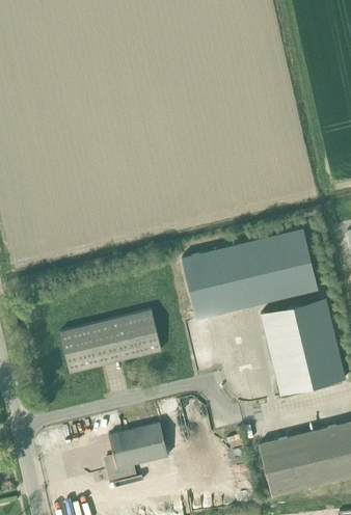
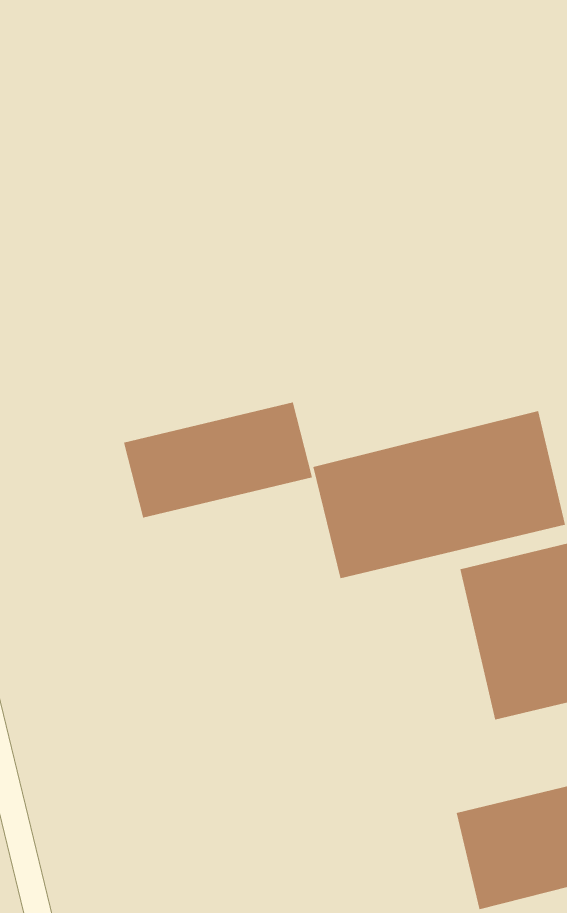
building: [59,310,161,373] -> [123,402,313,518]
building: [105,424,167,480] -> none

